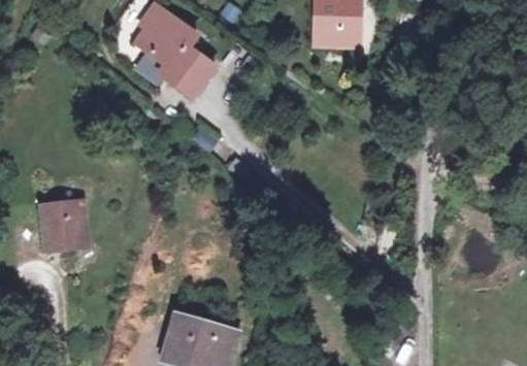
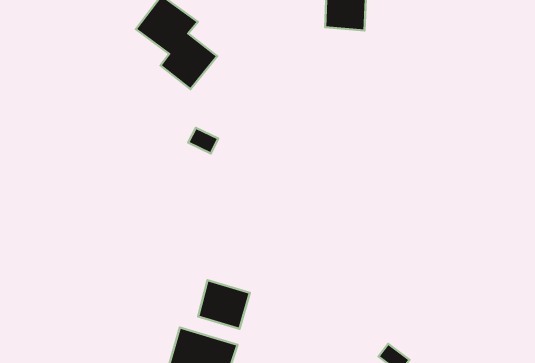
building: [41,211,85,252] -> none
building: none -> [198,280,250,329]

